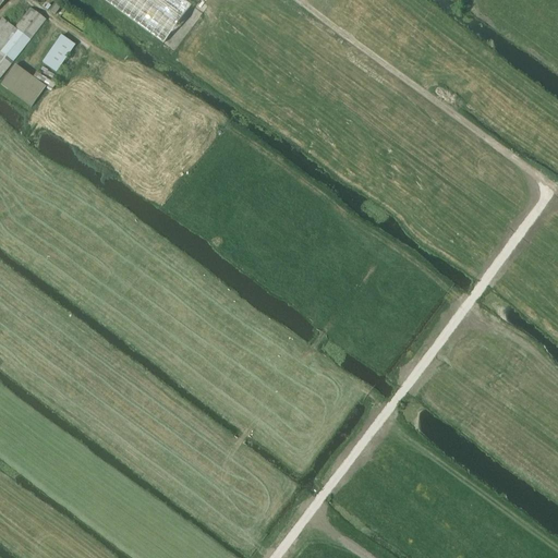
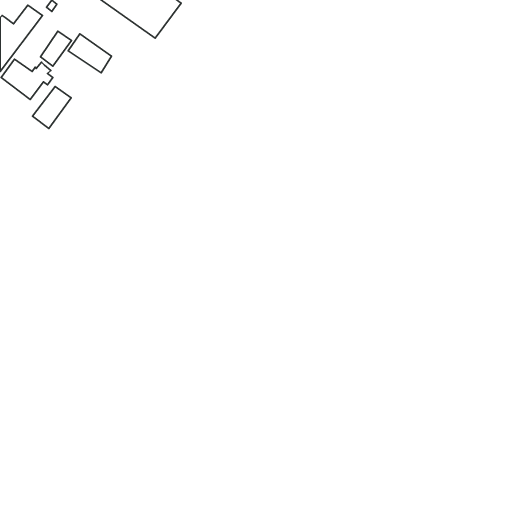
building: none -> [68,34,112,73]
building: none -> [33,87,71,128]

